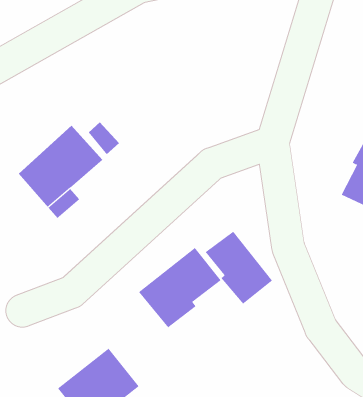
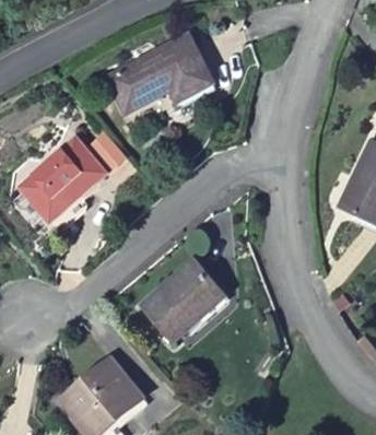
building: none -> [108,34,214,109]
building: [205,231,273,304] -> none

